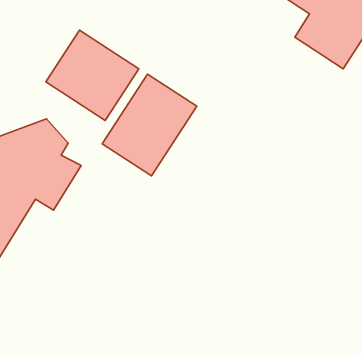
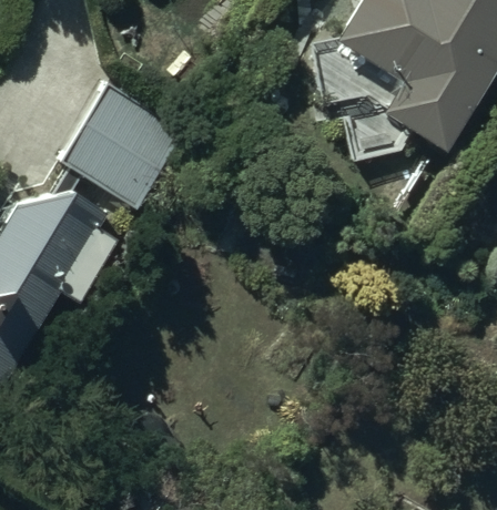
building: [102,74,197,176] -> none

